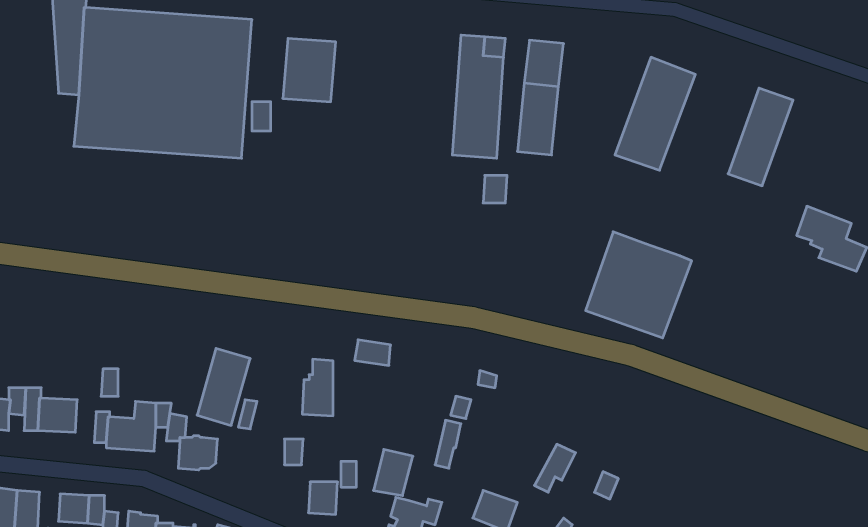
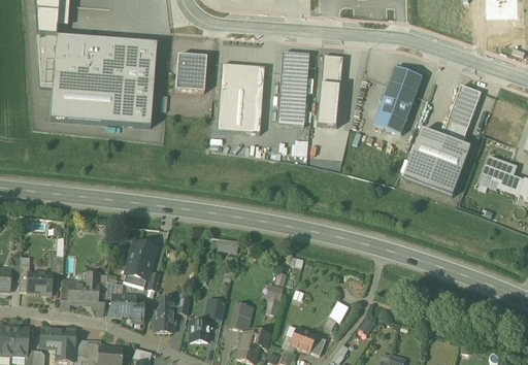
building: none -> [216,64,264,134]
building: [586,232,692,338] -> [406,129,470,193]
building: [302,359,333,416] -> [154,298,172,332]

